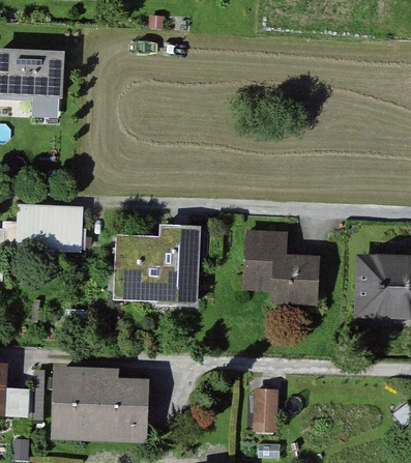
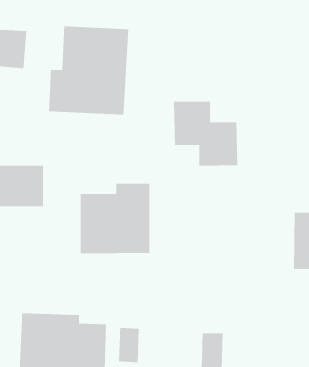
building: none -> [48,26,129,116]
building: [246,232,318,305] -> [173,101,238,167]
building: none -> [118,327,139,363]

